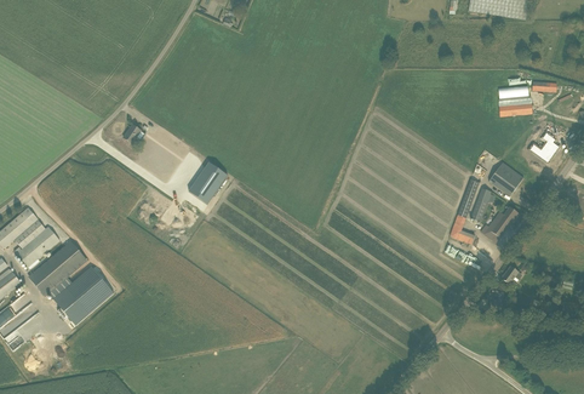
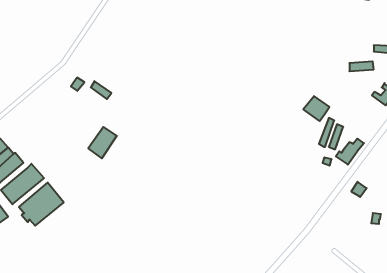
building: [188,161,227,204] -> [88,127,117,158]
building: [487,161,522,195] -> [303,96,329,121]

